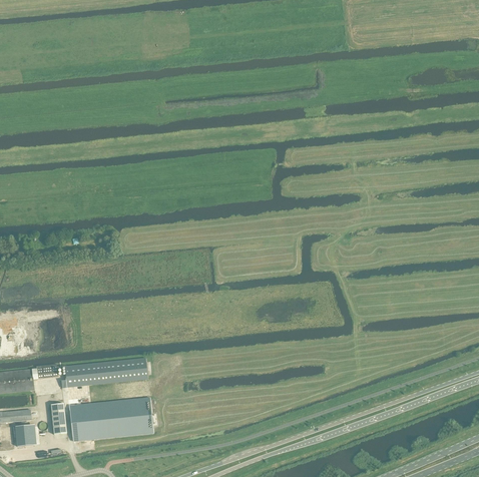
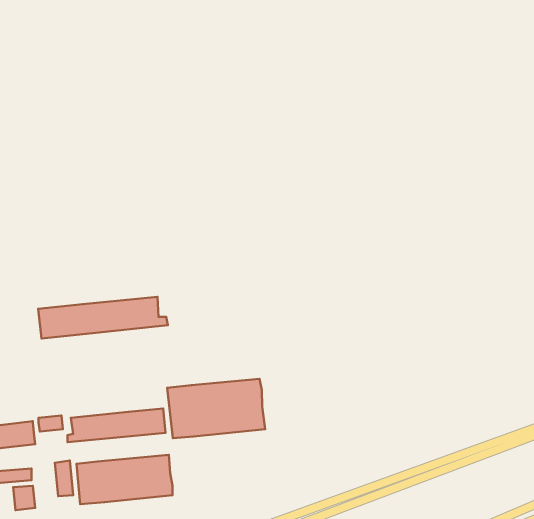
building: none -> [38,297,168,338]
building: none -> [167,379,265,438]

